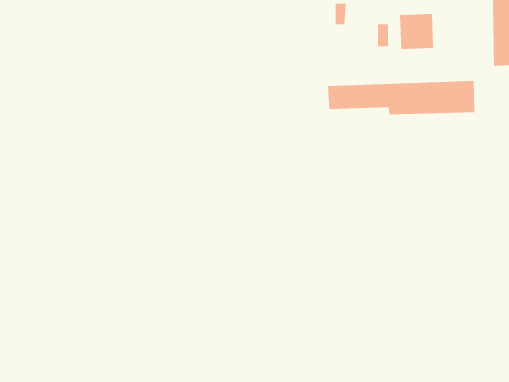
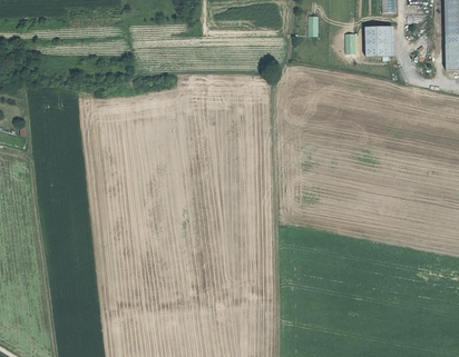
building: [327,80,475,115] -> none

